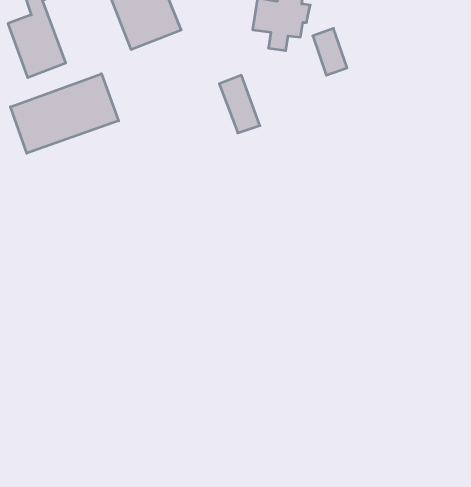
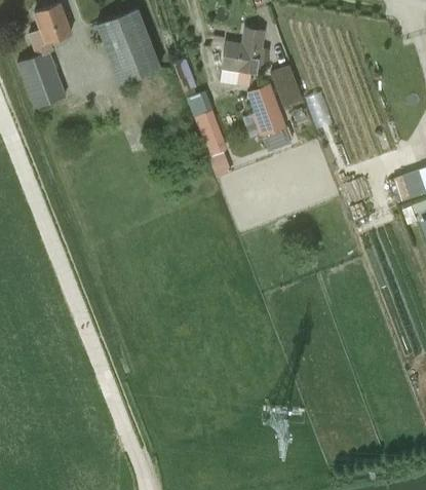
building: none -> [246,84,291,152]
building: [10,74,119,153] -> none

